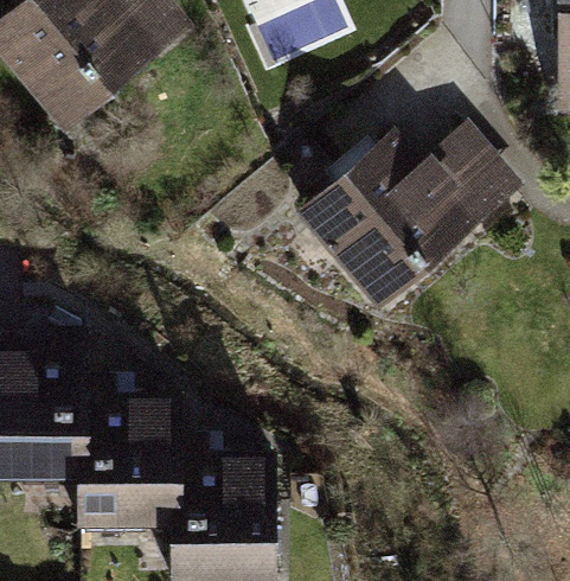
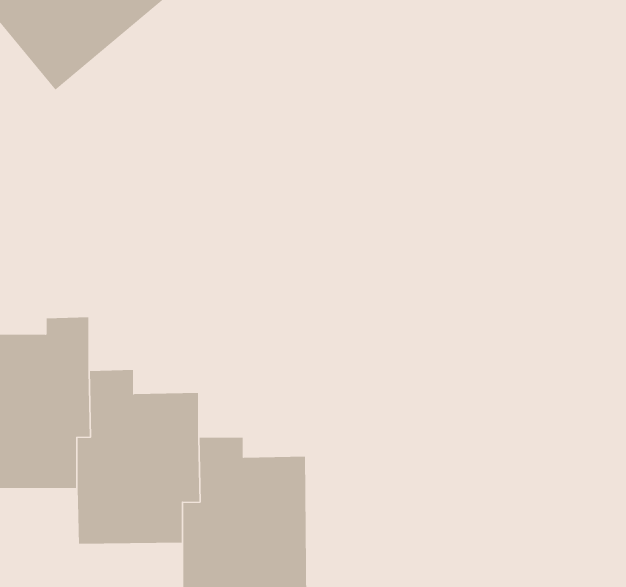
building: [295,119,523,308] -> none

